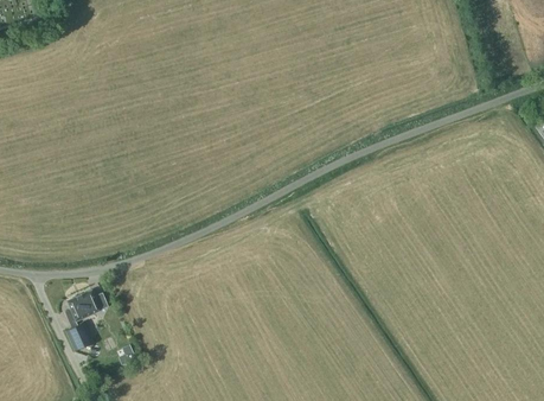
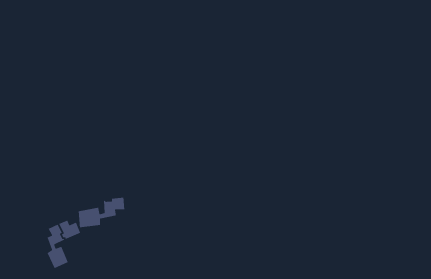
building: none -> [78,197,125,228]

